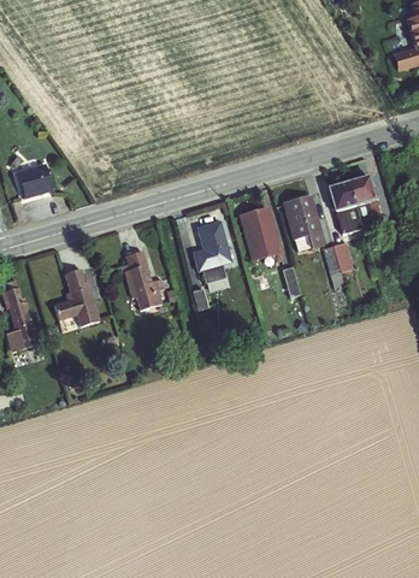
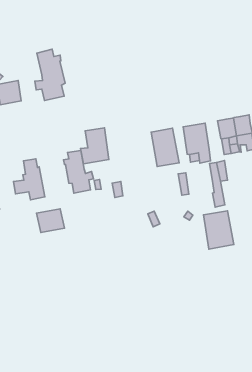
building: none -> [35,49,65,100]
building: [191,219,232,272] -> [81,128,109,164]
building: none -> [203,211,234,249]
building: none -> [37,209,64,232]

